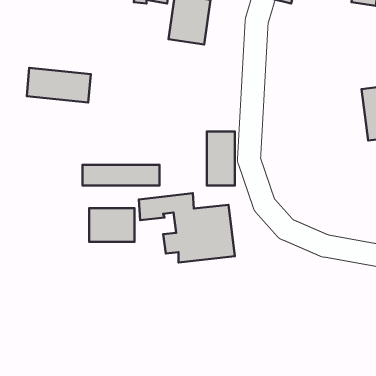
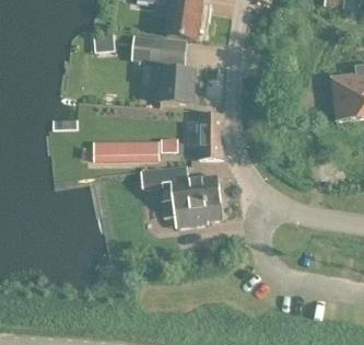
building: [27,68,91,102] -> [130,35,185,65]
building: none -> [145,67,193,103]
building: [89,208,134,242] -> none

